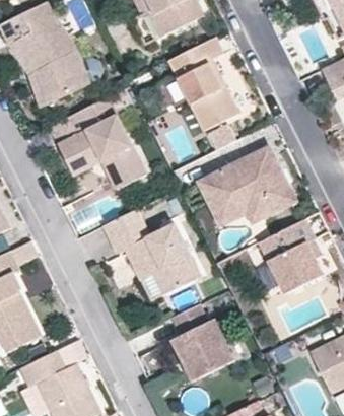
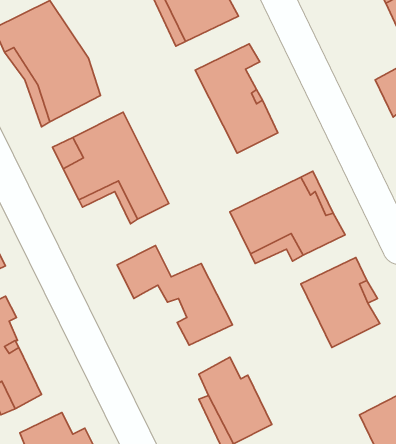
building: [125,242,164,301] -> none

